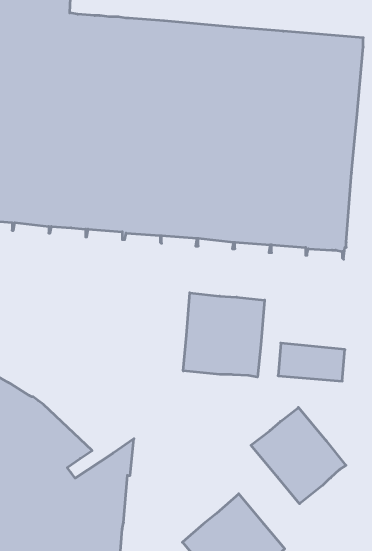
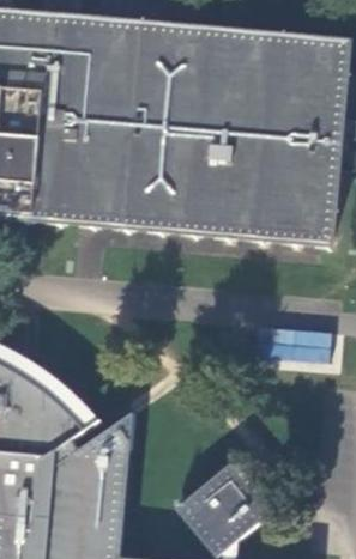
building: [183,293,265,377] -> none
building: [251,407,346,504] -> none

